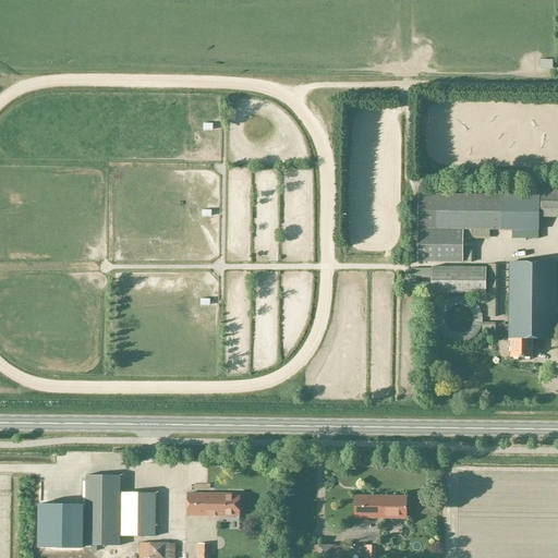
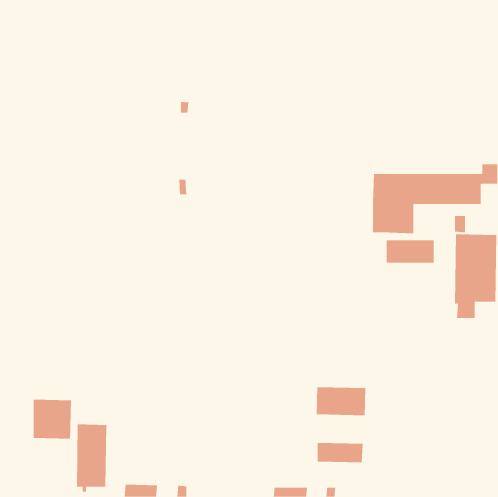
building: none -> [316,386,366,416]
building: [122,493,156,536] -> none
building: [187,493,240,515] -> none
building: [38,502,82,547] -> [33,399,72,439]

